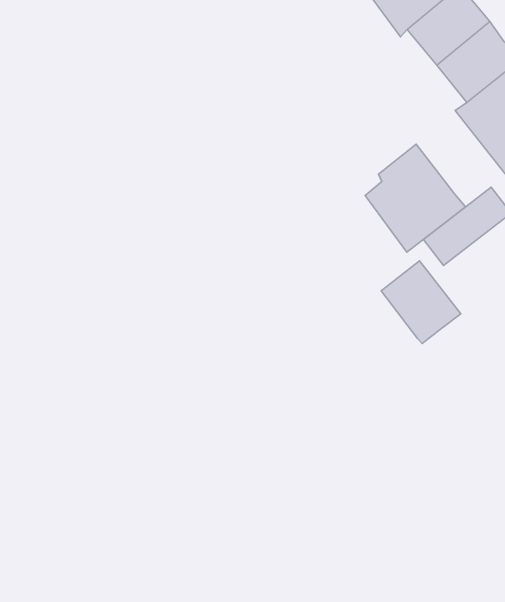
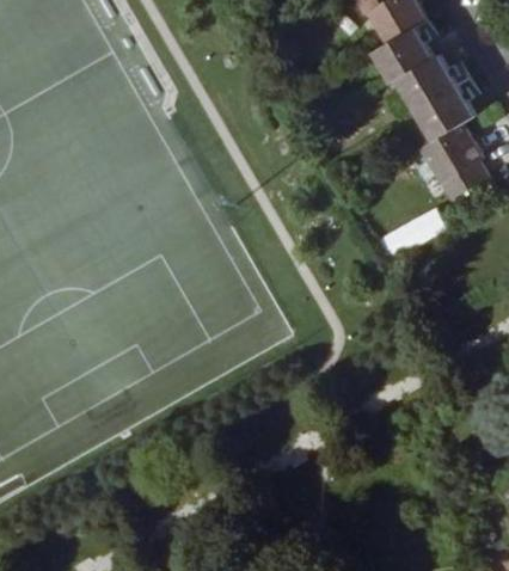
building: [365,144,466,252] -> none
building: [381,261,461,344] -> none

